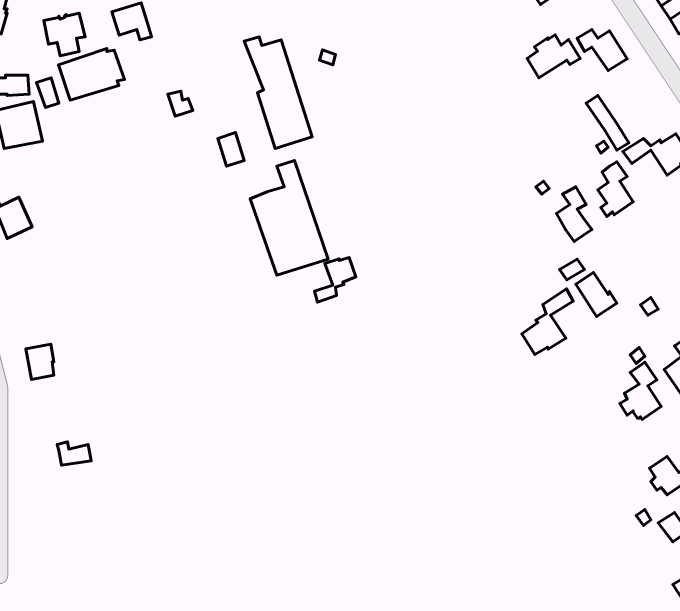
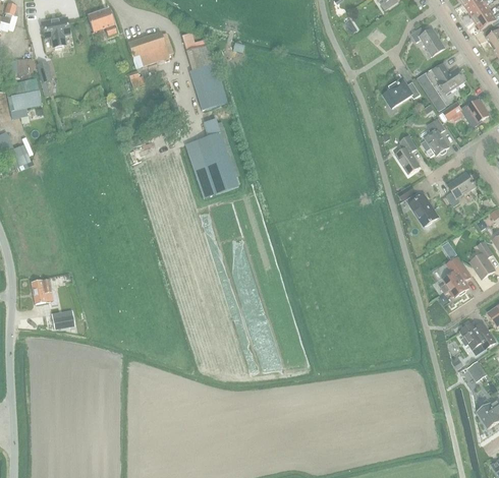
building: [527,35,580,78] -> [384,77,421,107]
building: [58,49,125,100] -> [127,31,173,66]
building: none -> [433,62,466,93]
building: none -> [446,172,475,205]
building: [314,257,356,302] -> none
building: [522,289,573,355] -> none
building: [26,344,54,380] -> [32,278,51,302]

